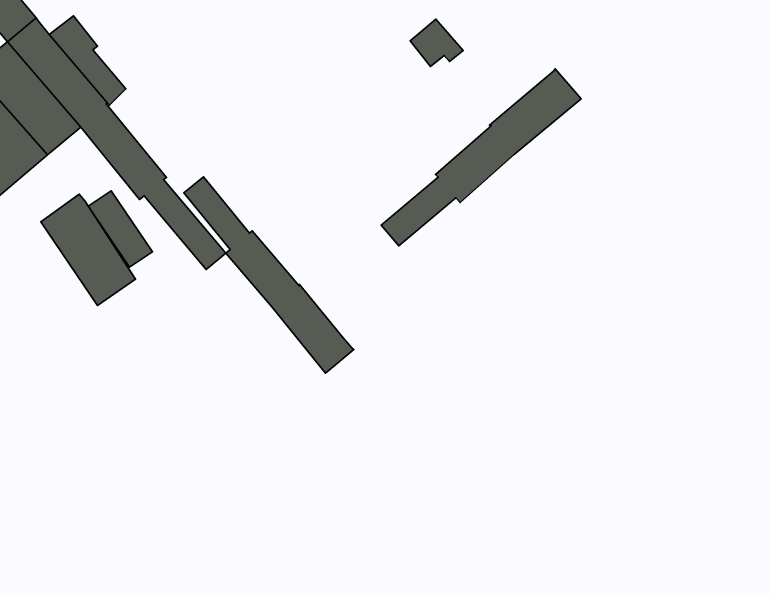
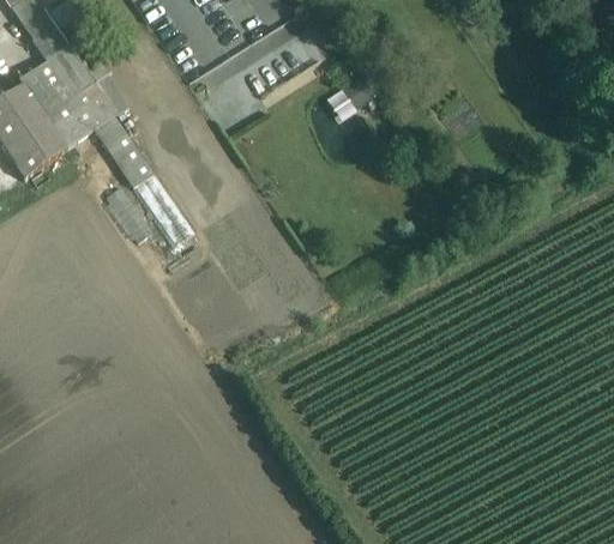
building: [381,69,581,246] -> none
building: [184,177,354,373] -> none
building: [41,194,135,306] -> none

